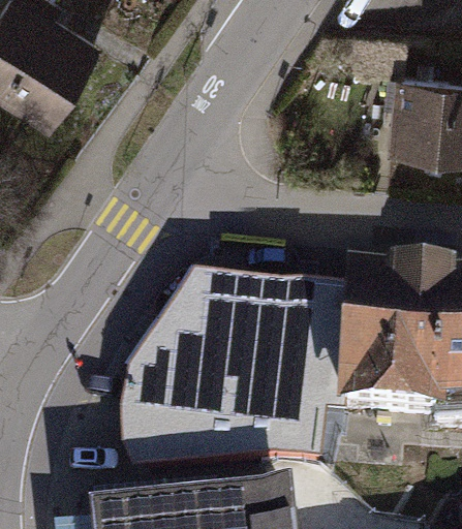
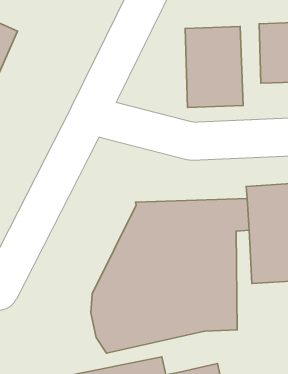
building: none -> [185,27,243,107]

